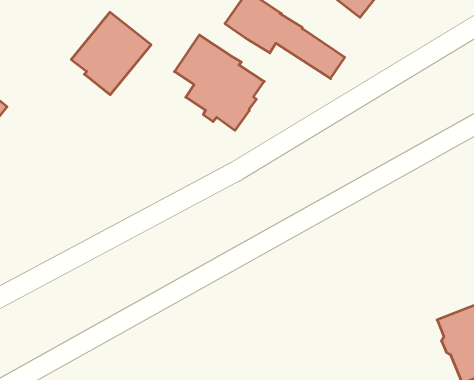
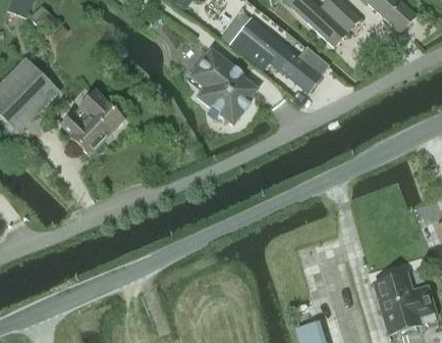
building: [71,12,151,95] -> [61,90,123,153]

